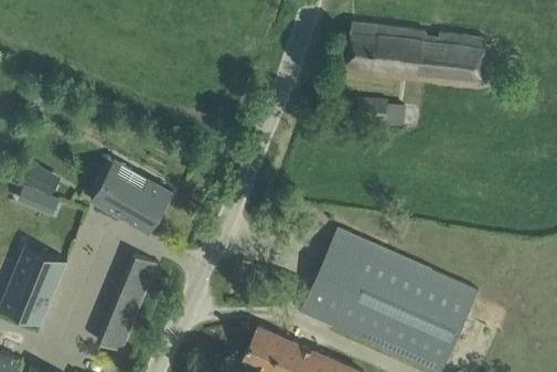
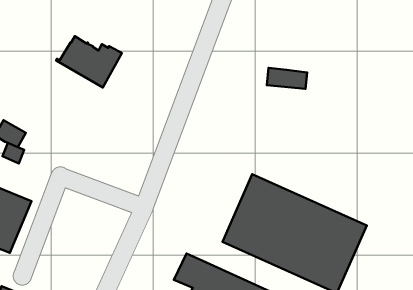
building: [344,22,516,89] -> none
building: [90,171,171,234] -> [56,36,122,88]
building: [100,251,161,351] -> none

